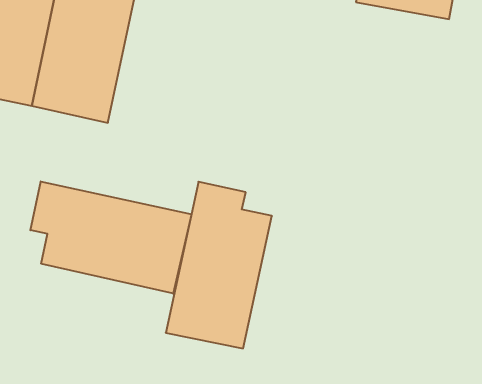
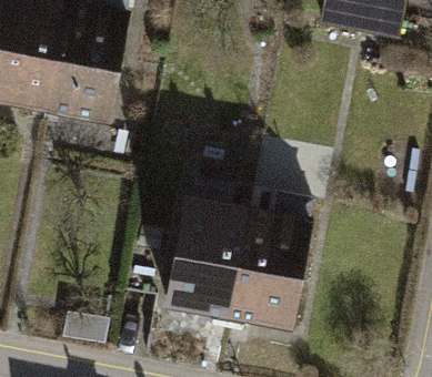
building: [30,181,191,294] -> none
building: none -> [224,196,318,336]

